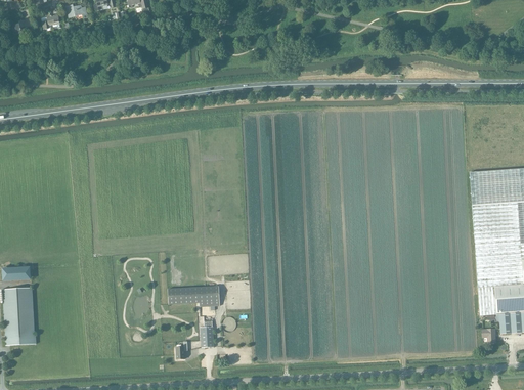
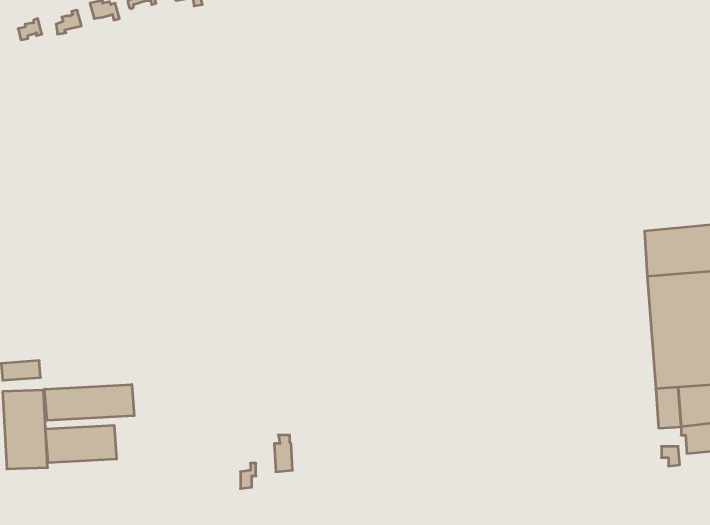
building: none -> [45,384,134,420]
building: [168,286,220,306] -> none
building: none -> [46,425,117,463]

